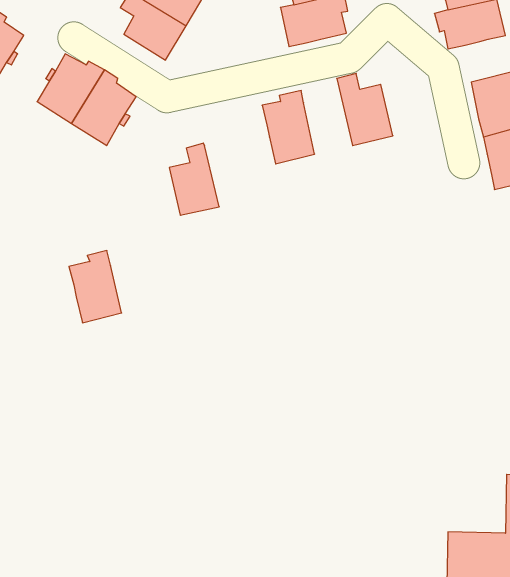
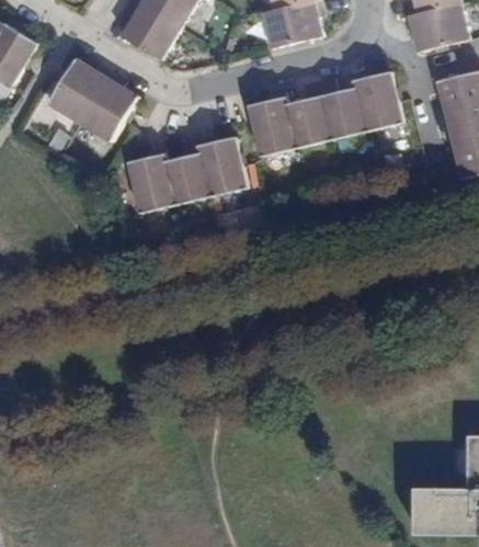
building: none -> [353,71,401,132]
building: none -> [286,80,330,148]
building: none -> [197,136,246,195]
building: [69,251,122,323] -> [128,147,175,212]

